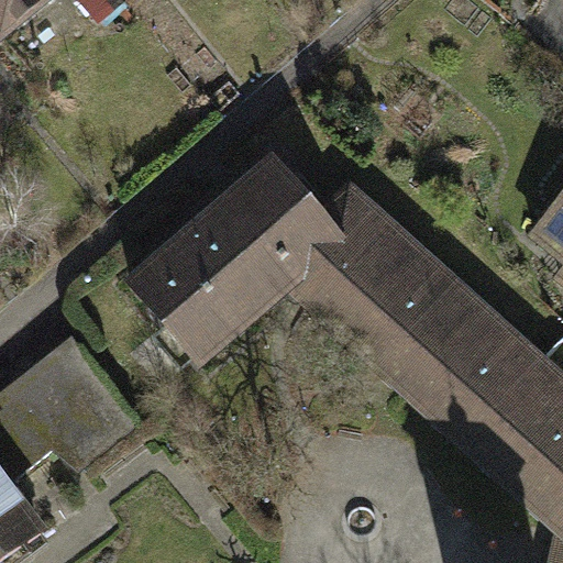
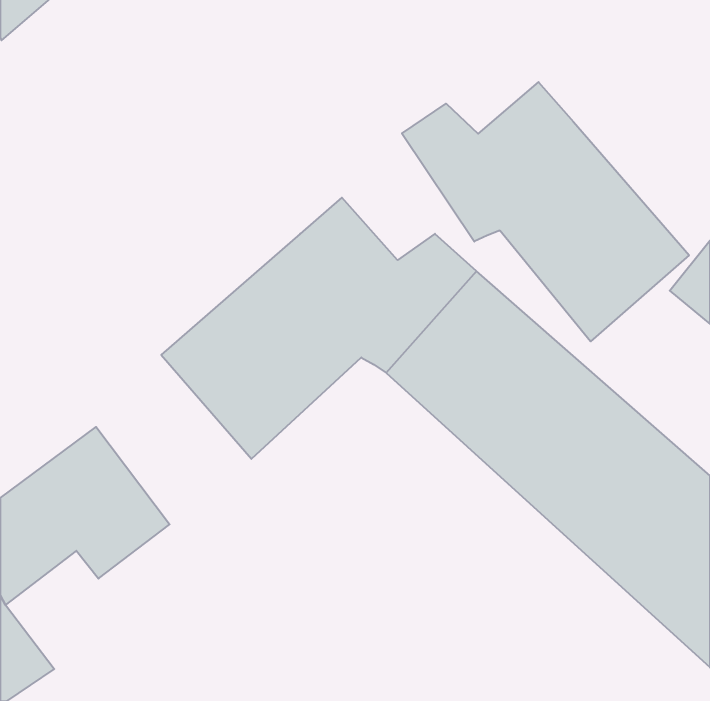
building: none -> [402,82,689,341]

